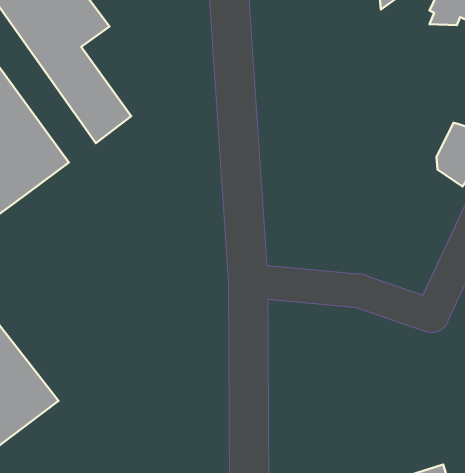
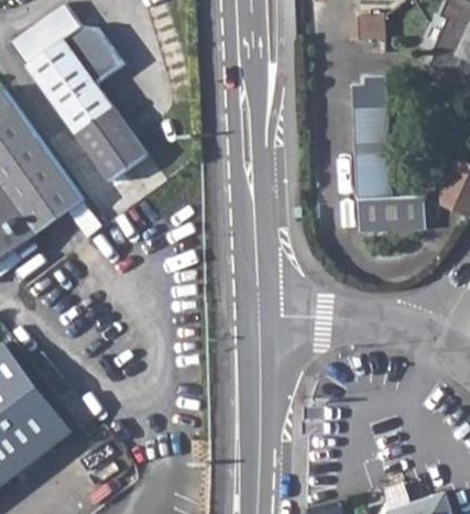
building: none -> [356,77,426,231]

